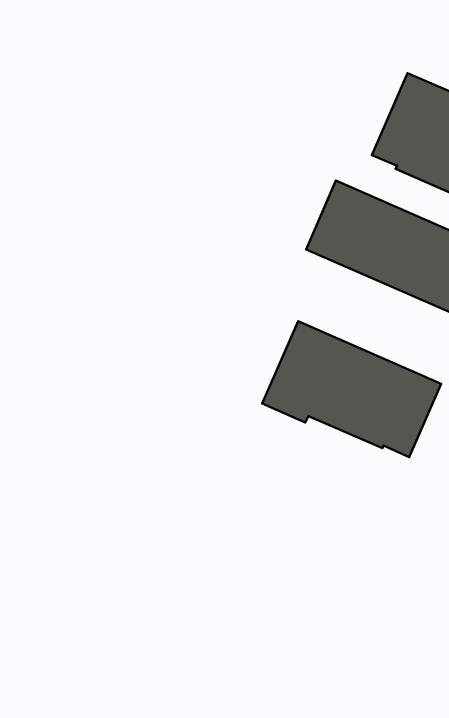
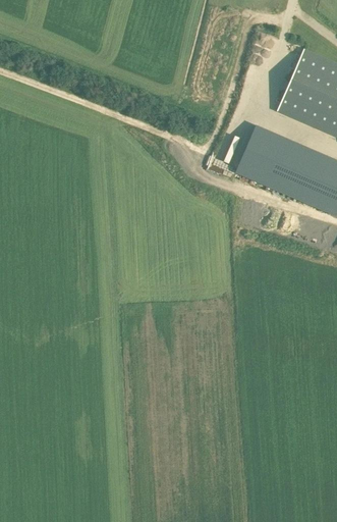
building: [262,321,441,457] -> none

